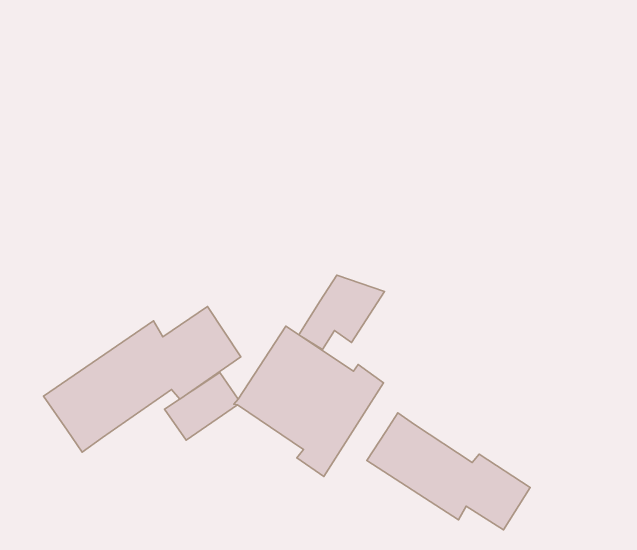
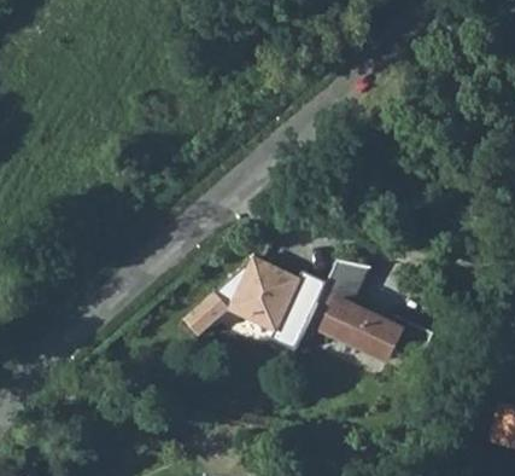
building: [299,275,385,349] -> [314,263,365,313]
building: [44,307,241,452] -> none

